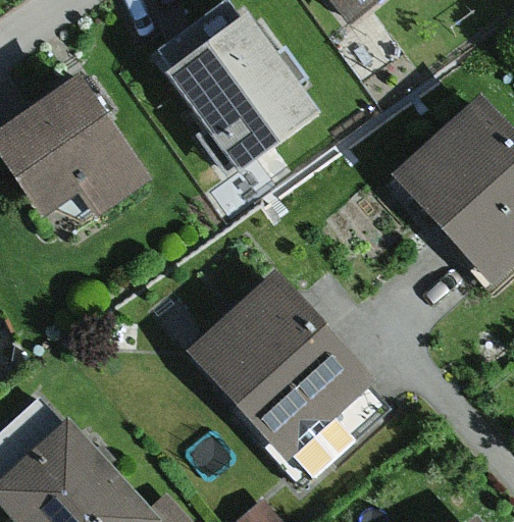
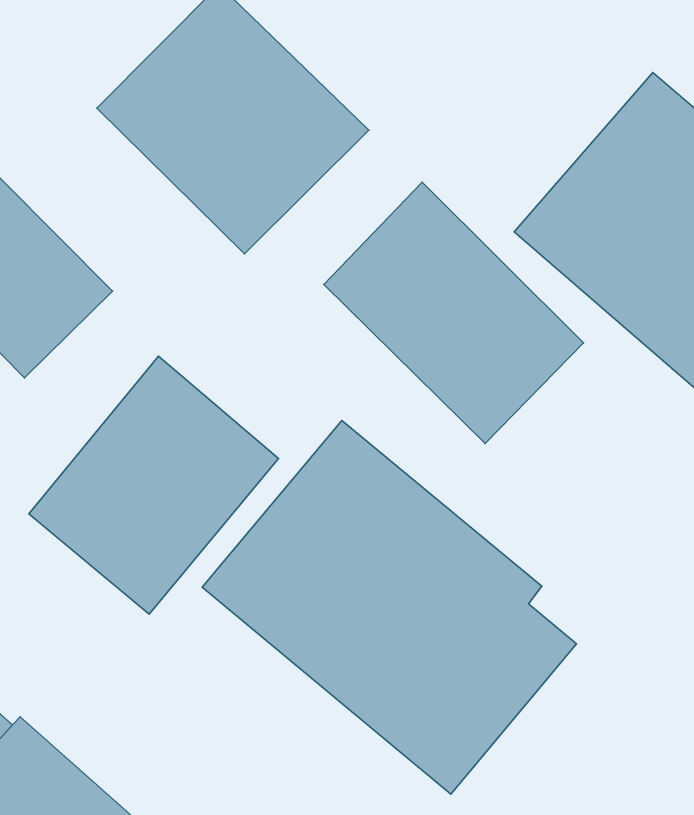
building: none -> [324,182,584,444]
building: none -> [29,356,278,614]

